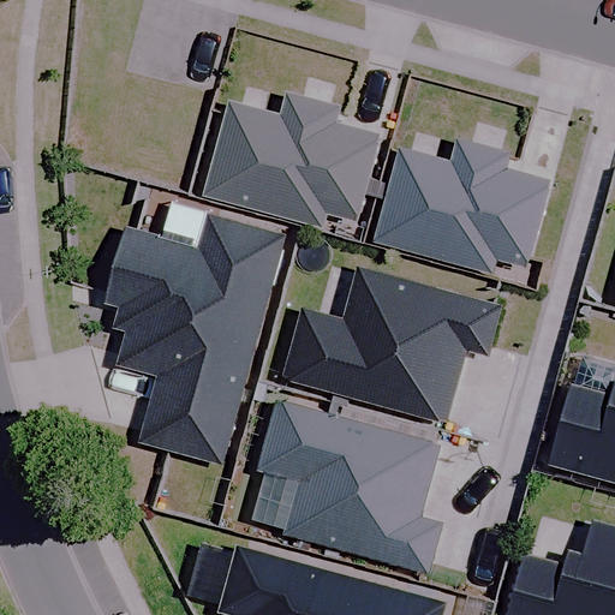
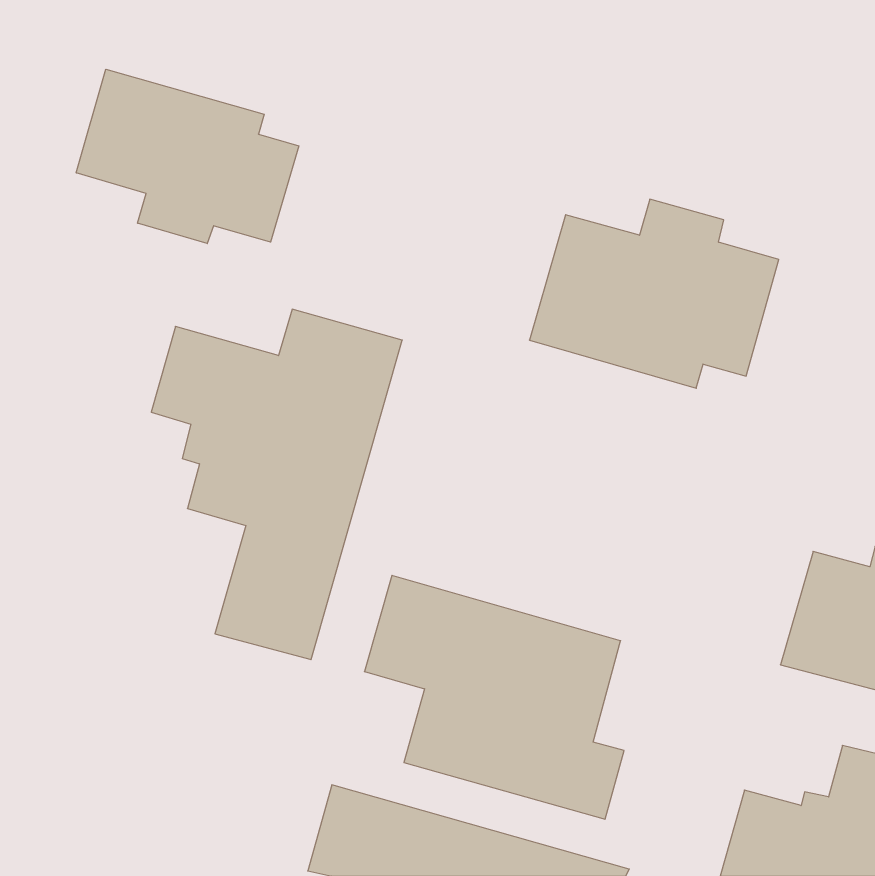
building: none -> [76,69,299,244]
building: [204,94,376,226] -> none
building: [283,269,497,422] -> none

